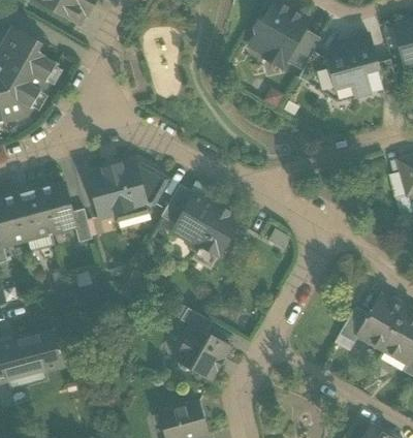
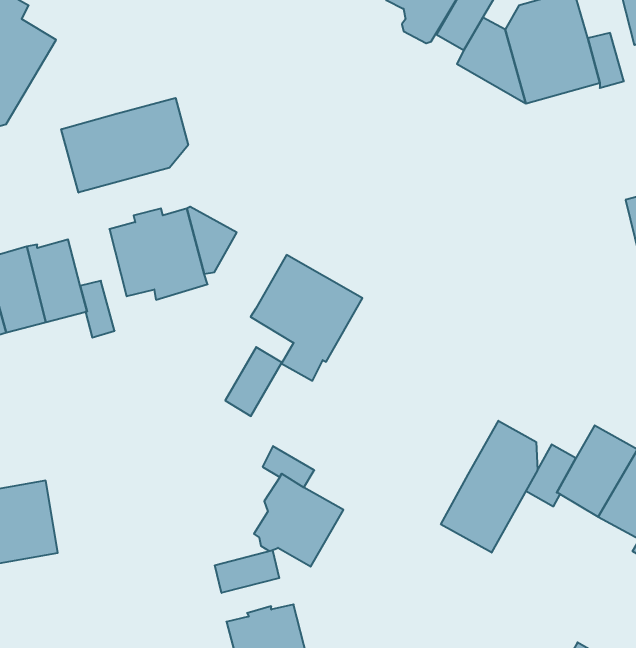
building: none -> [61,98,188,193]
building: [161,184,195,225] -> [225,347,282,416]
building: none -> [441,421,537,553]
building: none -> [215,550,279,593]

